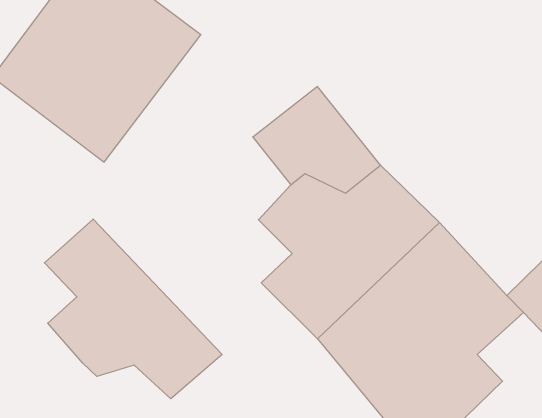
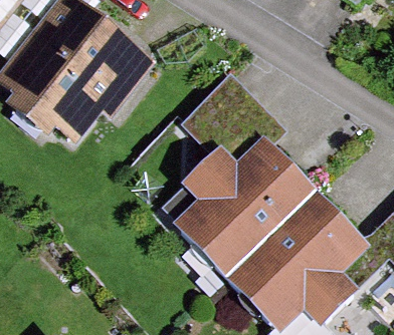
building: [44,219,222,399] -> none

